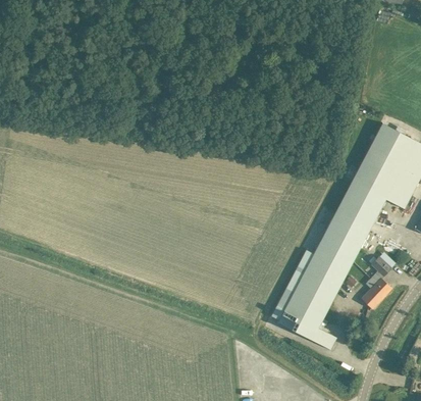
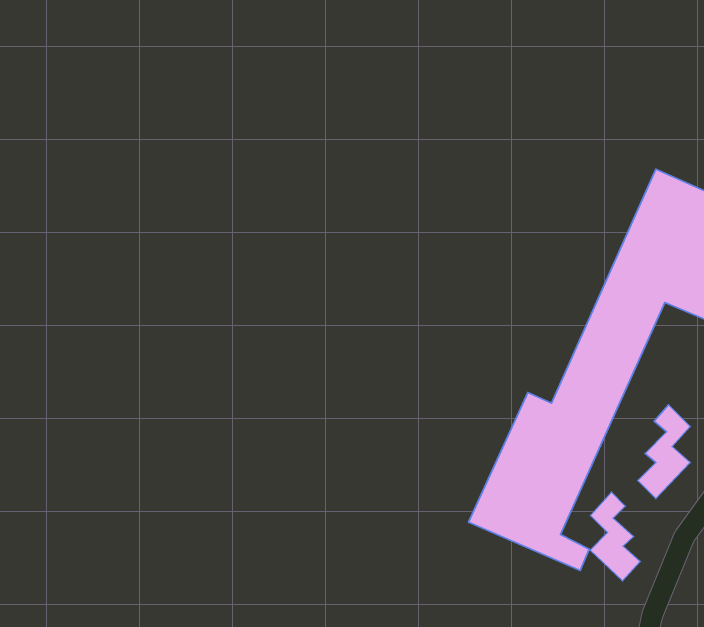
building: none -> [590,492,640,581]

